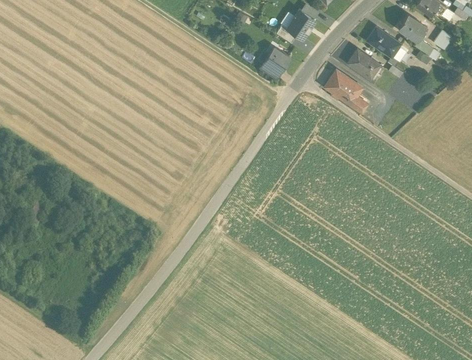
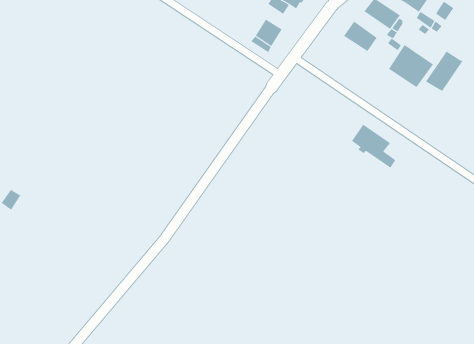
building: [324,69,366,111] -> [351,124,396,169]
building: none -> [425,51,463,92]

